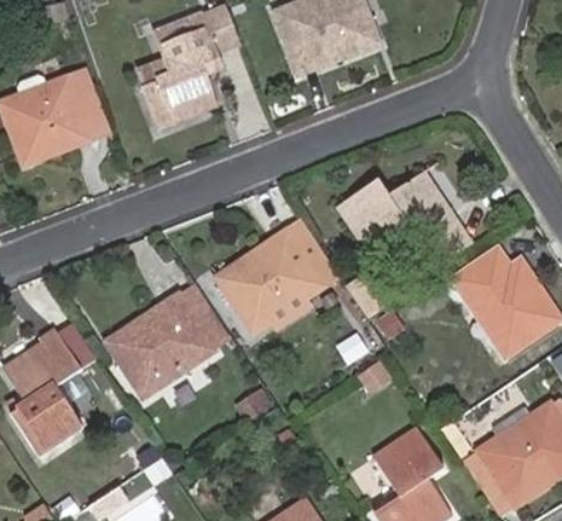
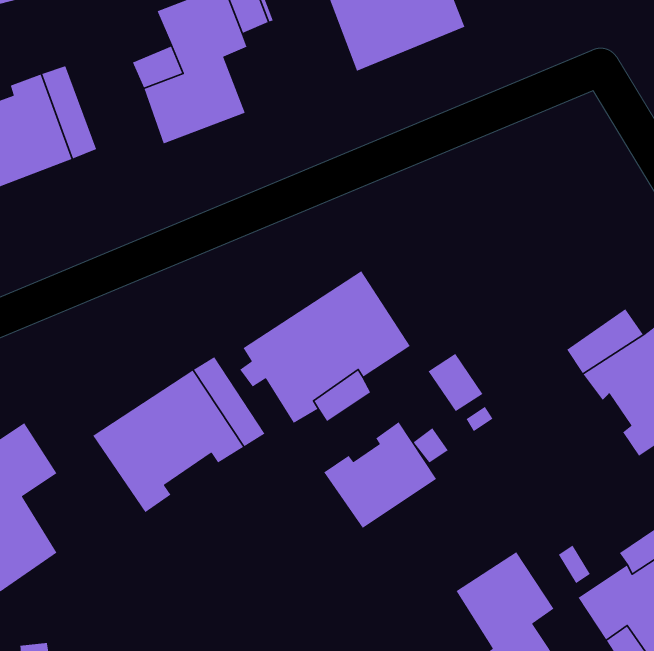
building: [337,169,471,266] -> none
building: none -> [323,421,437,529]

